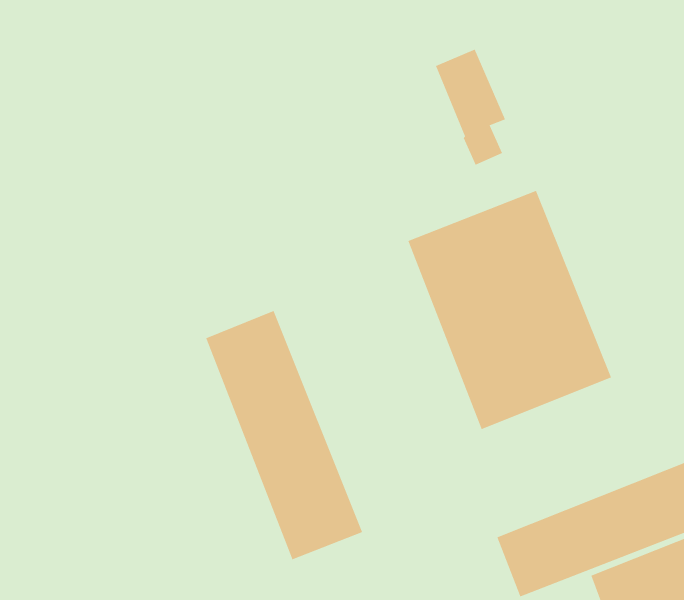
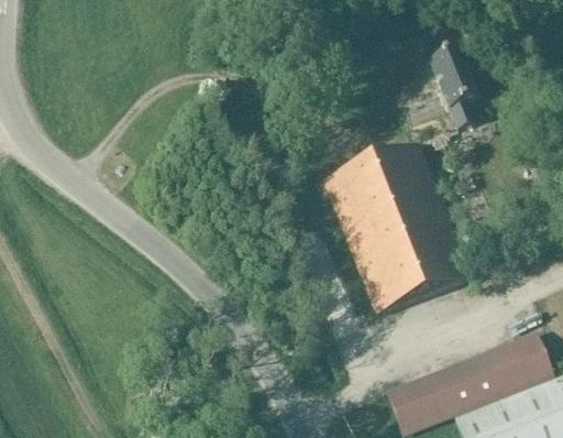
building: [435,49,506,165] -> [428,46,478,130]
building: [205,310,363,560] -> none

